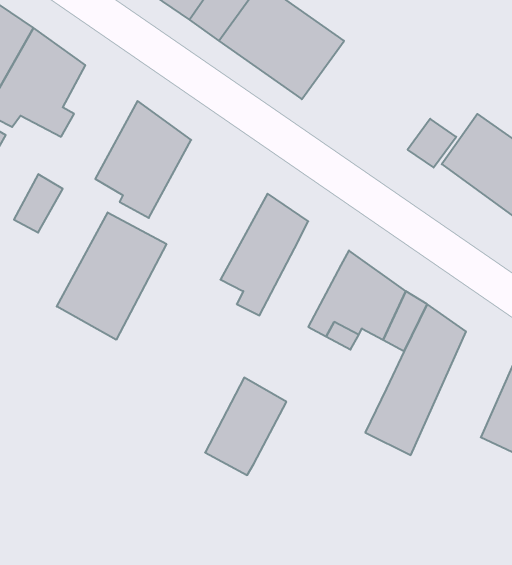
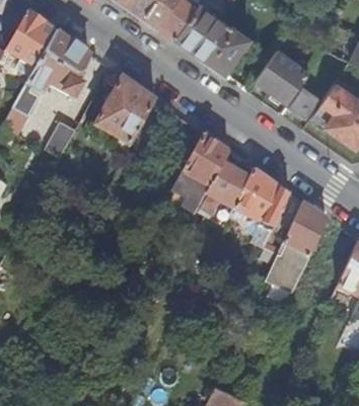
building: none -> [256,48,309,101]
building: [57,212,166,340] -> none
building: [205,378,286,475] -> [198,162,248,223]

